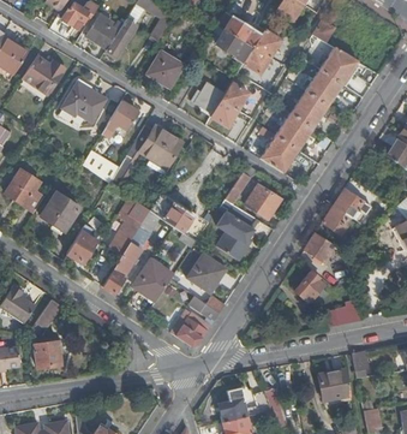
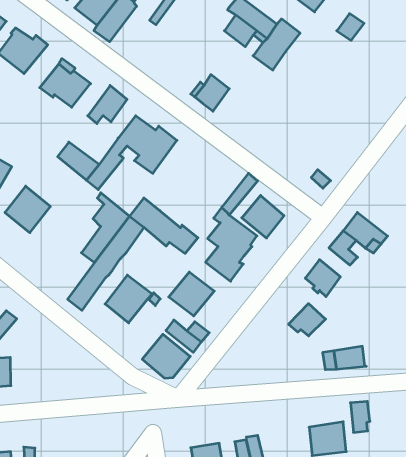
building: [259,47,358,172] -> none
building: [149,50,185,87] -> none
building: [210,82,249,126] -> none
building: [66,224,97,263] -> none

